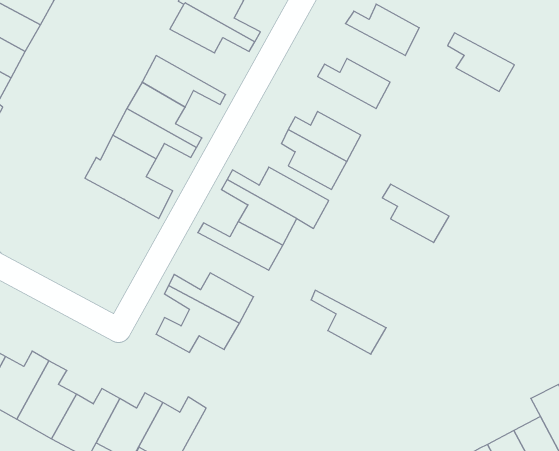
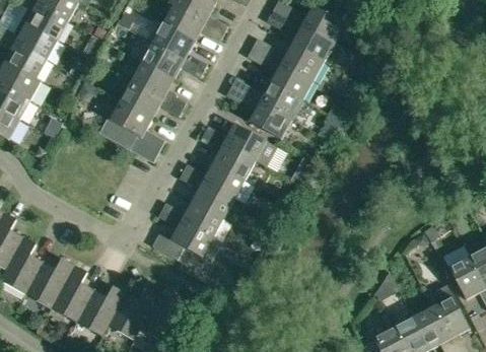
building: none -> [152,23,207,71]
building: [448,33,514,91] -> [285,19,334,62]
building: [382,184,449,243] -> [264,58,313,100]
building: [311,290,386,354] -> [180,171,234,218]

